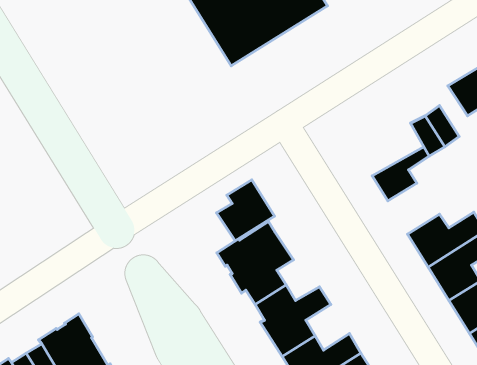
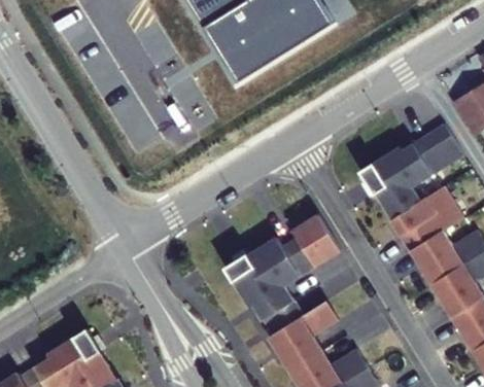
building: none -> [365,139,428,191]
building: none -> [391,184,464,249]
building: [216,180,275,241] -> [280,214,338,275]

